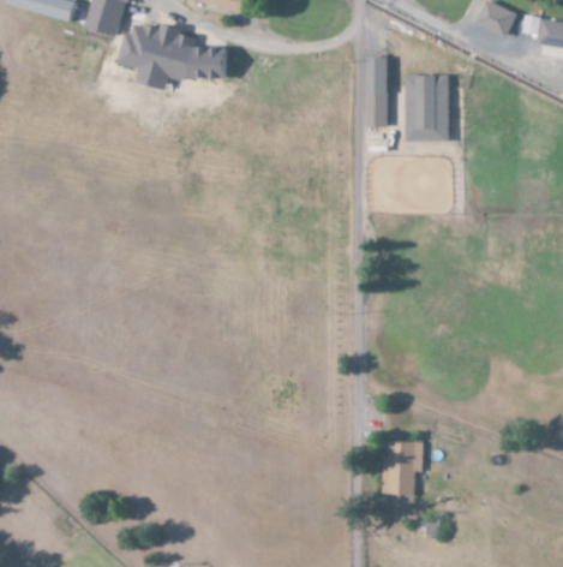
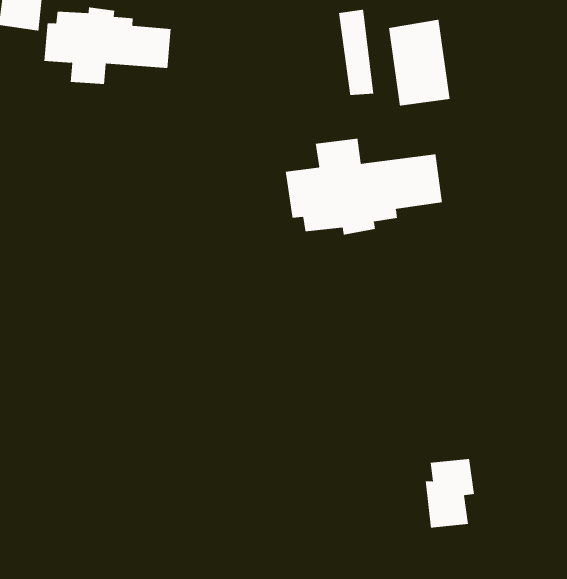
building: none -> [285,138,443,236]

